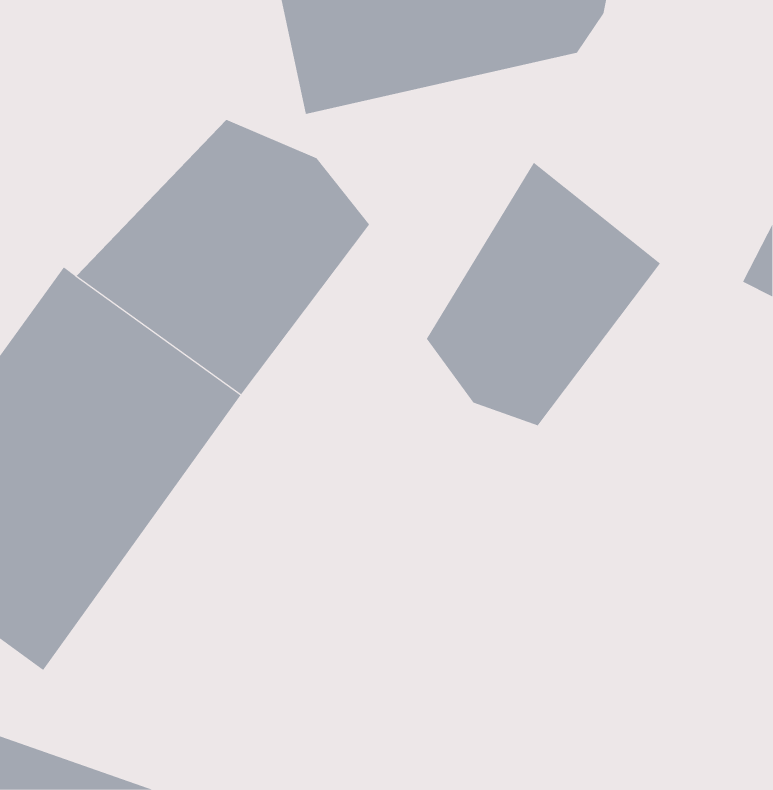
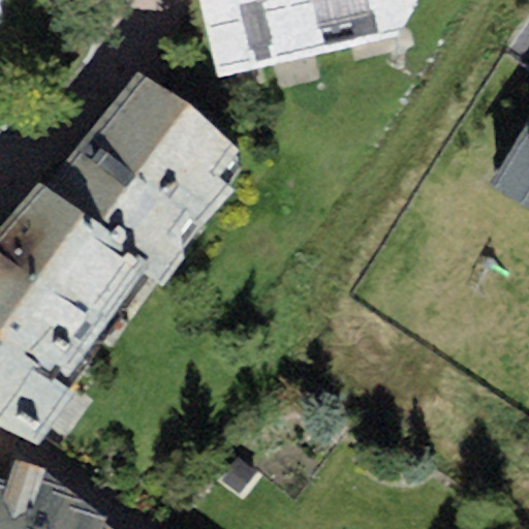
building: [426,162,661,426] -> none

